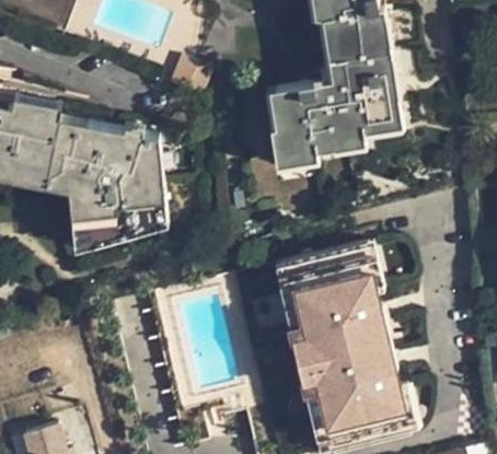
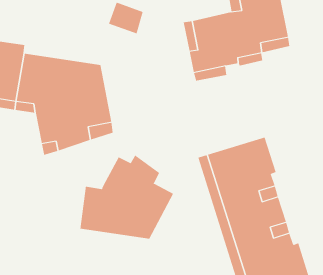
building: none -> [80,155,174,240]

